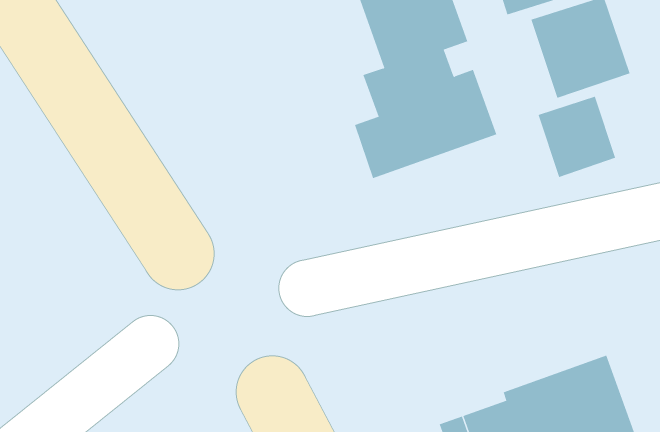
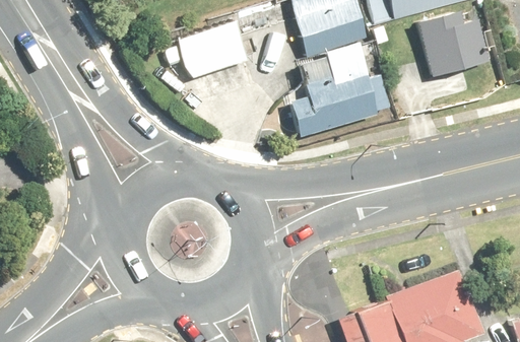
building: none -> [189,18,244,74]
building: [538,96,616,178] -> none

